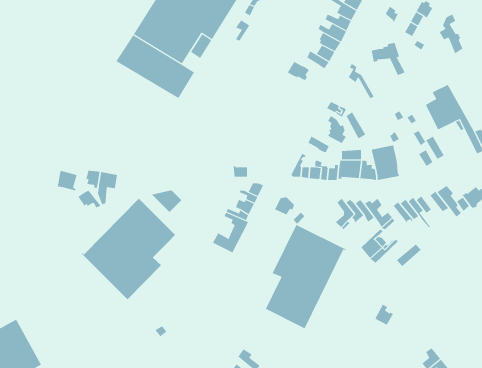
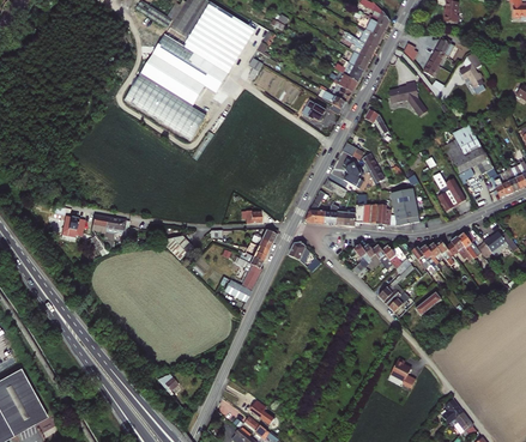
building: [81,198,176,300] -> none
building: [265,224,346,329] -> none

